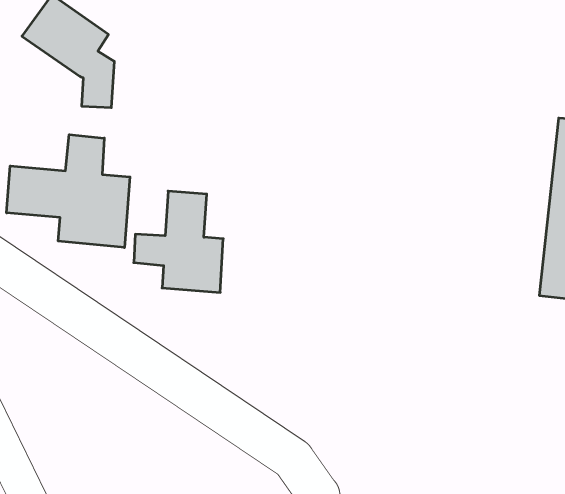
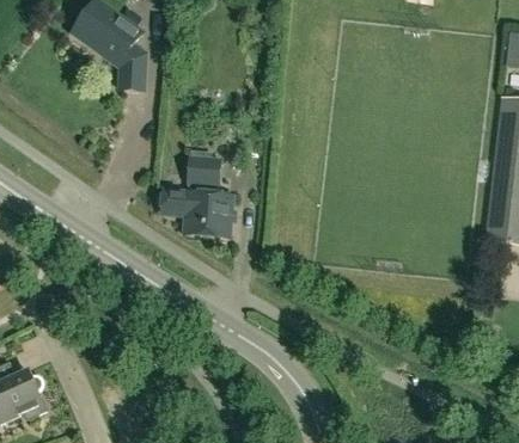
building: [7,135,130,248] -> none

